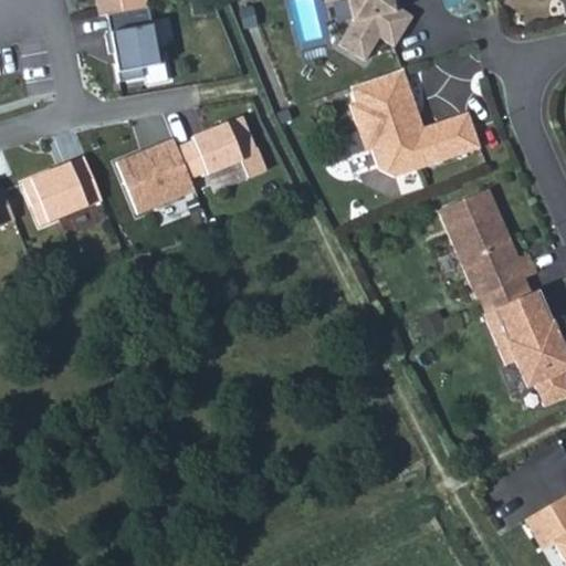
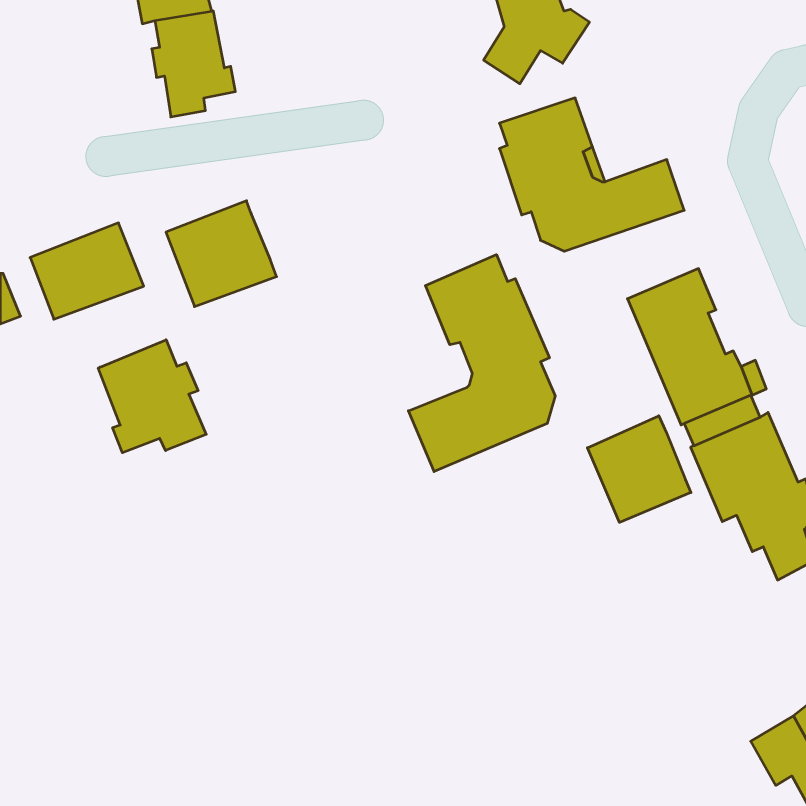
building: [177,127,242,181] -> none
building: none -> [408,255,555,472]
building: none -> [98,340,206,453]
building: none -> [587,416,691,522]

